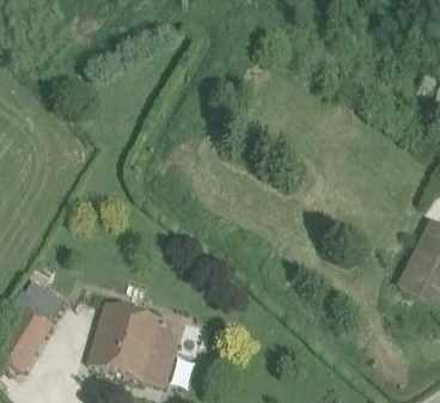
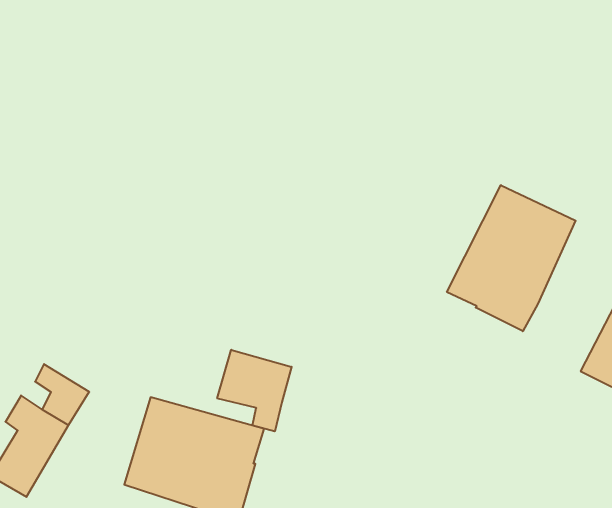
building: none -> [447,185,576,331]
building: none -> [217,350,292,431]

